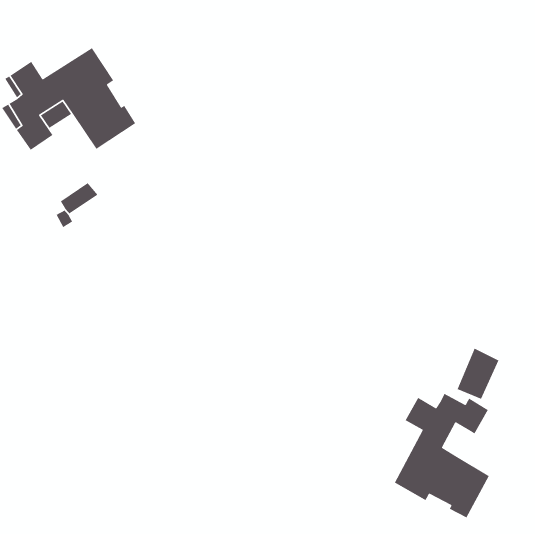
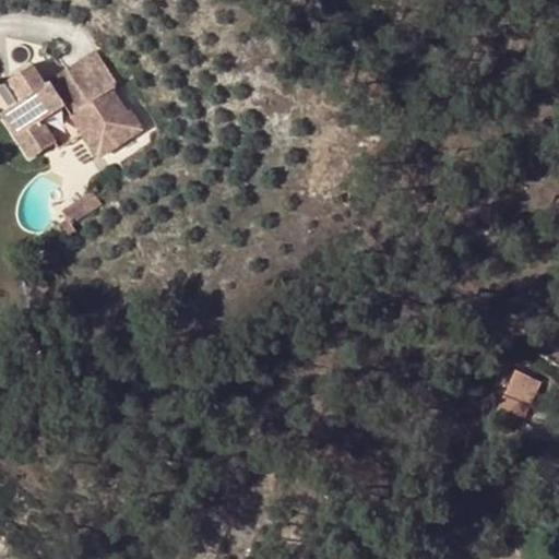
building: [394,393,490,519] -> none

